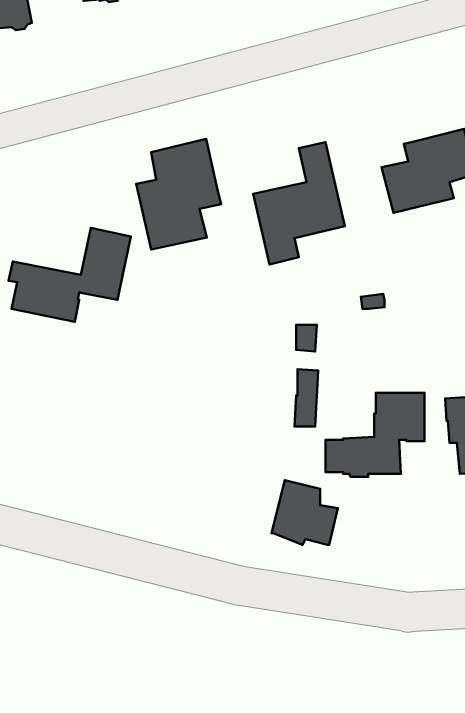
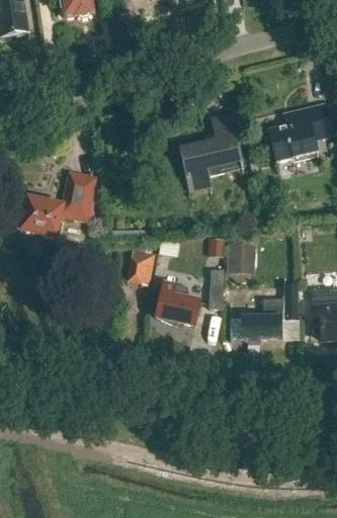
building: [136,139,221,249] -> none
building: none -> [228,242,255,264]
building: none -> [125,249,155,282]
building: [272,480,338,545] -> [155,280,200,325]

